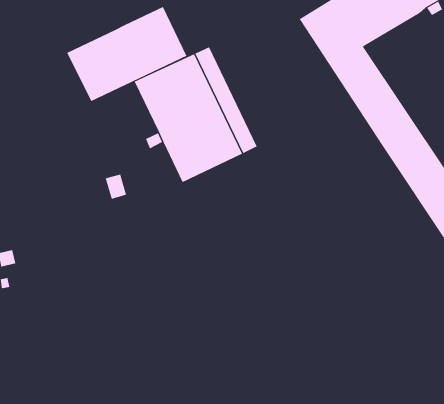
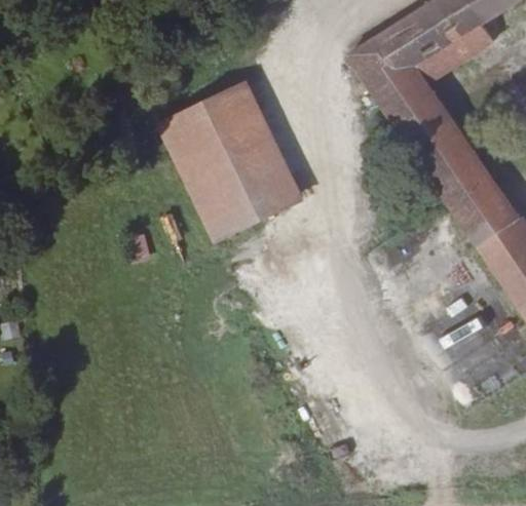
building: [67,6,187,102] -> none

